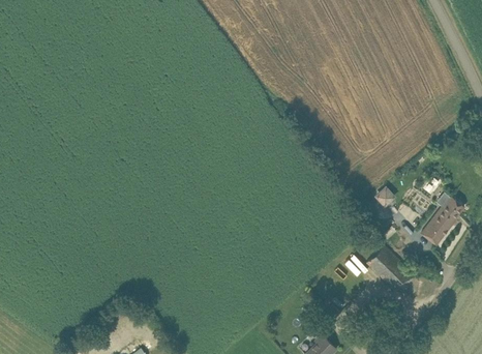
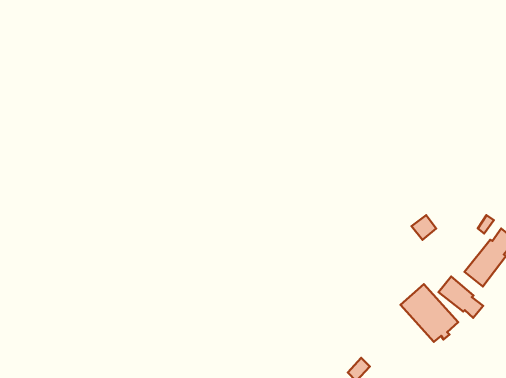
building: none -> [439,277,483,318]

